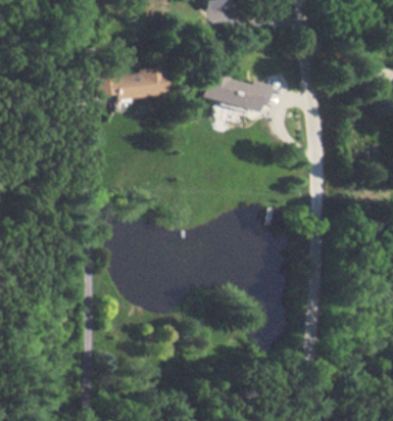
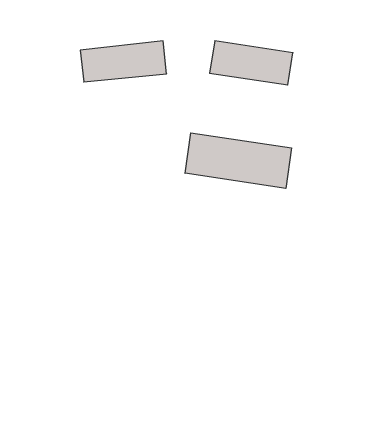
building: none -> [185,133,291,188]

